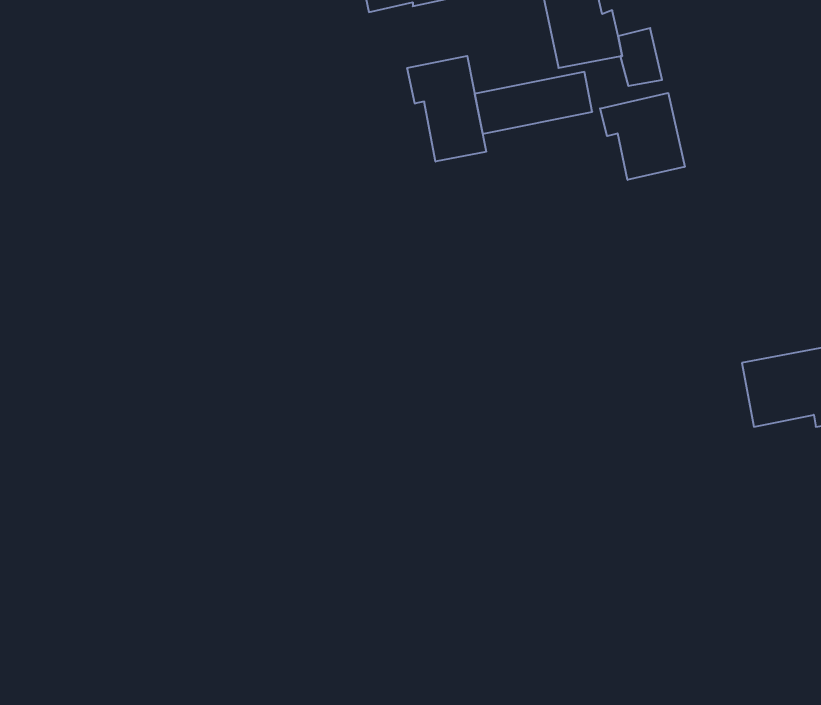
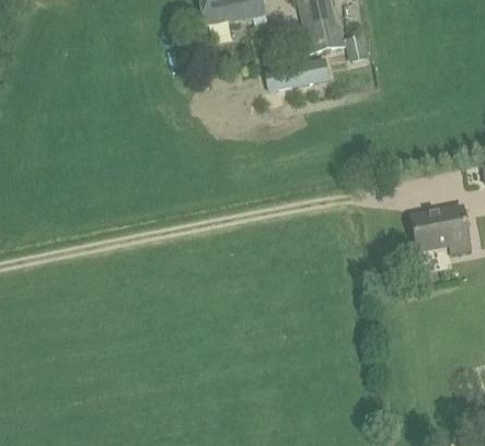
building: [407,56,486,162] -> none
building: [600,93,685,180] -> none

